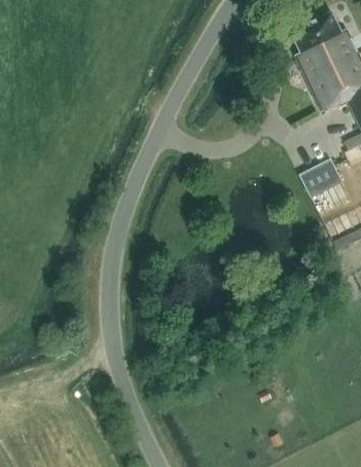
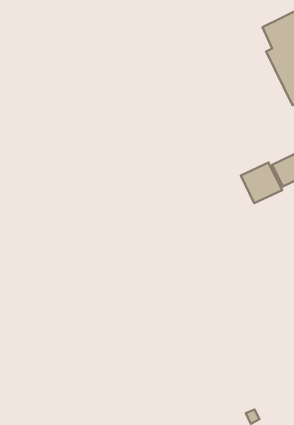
building: none -> [241,162,282,203]

